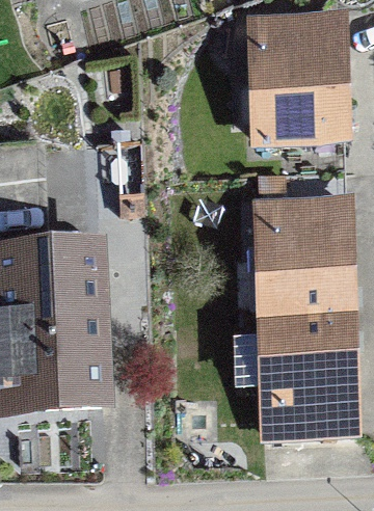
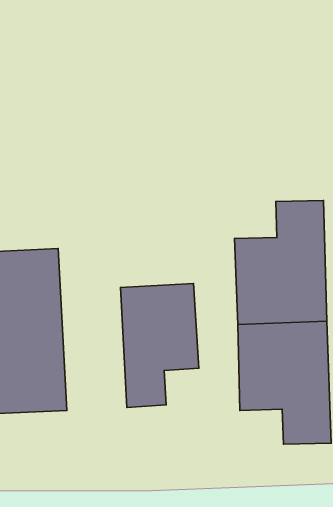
building: [257,22,345,140] -> none
building: none -> [120,284,199,408]

